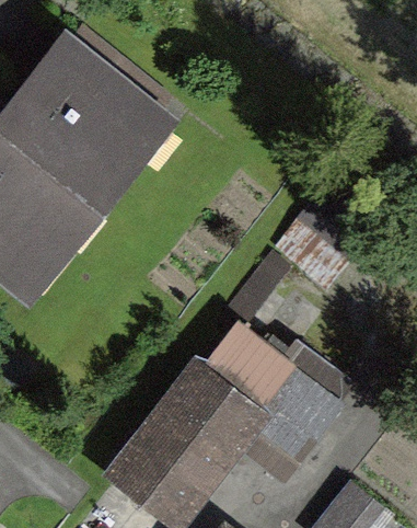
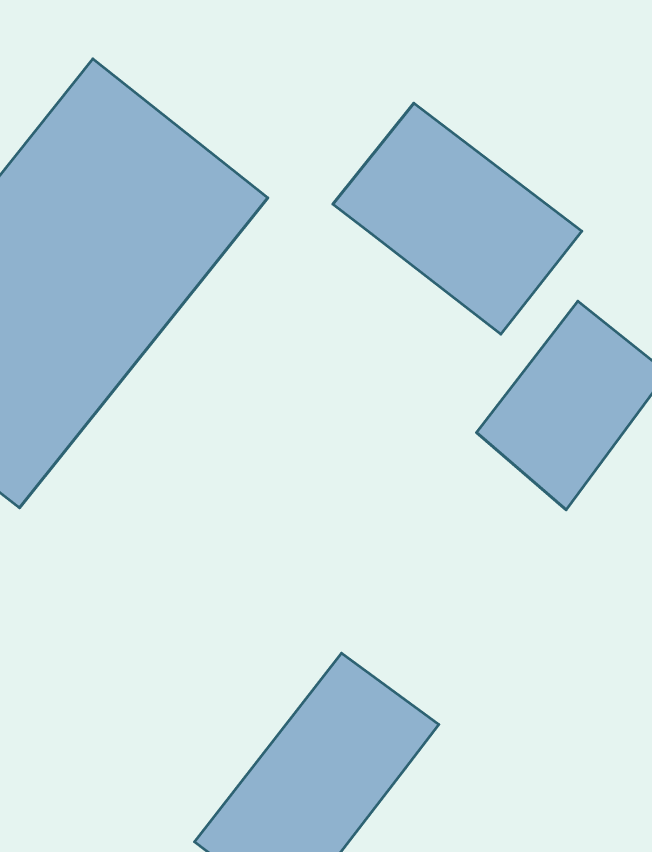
building: none -> [333,103,582,334]
building: [204,325,351,470] -> none

